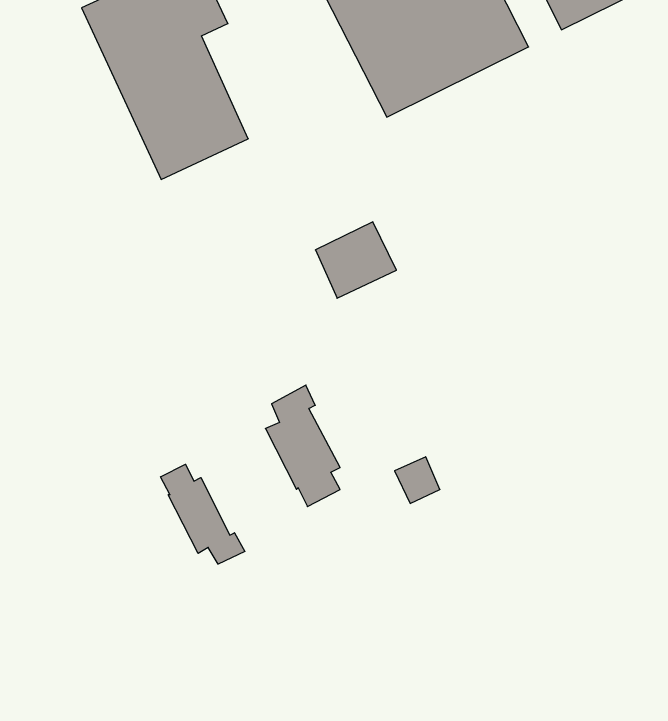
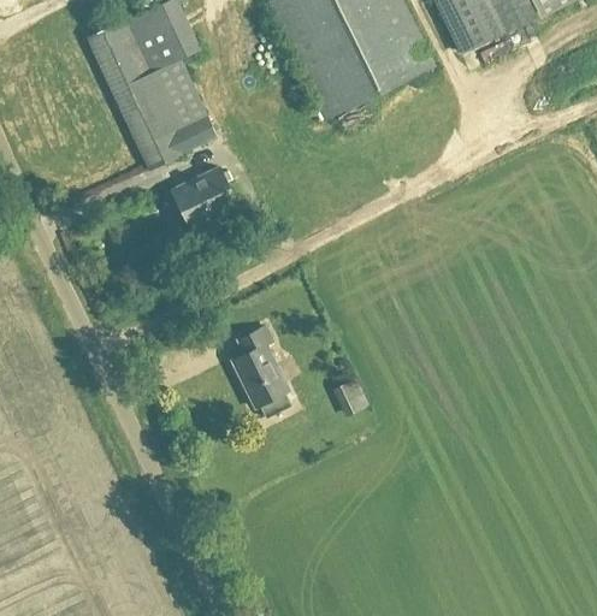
building: [315,222,396,298] -> [173,167,236,226]
building: [161,464,245,564] -> none

